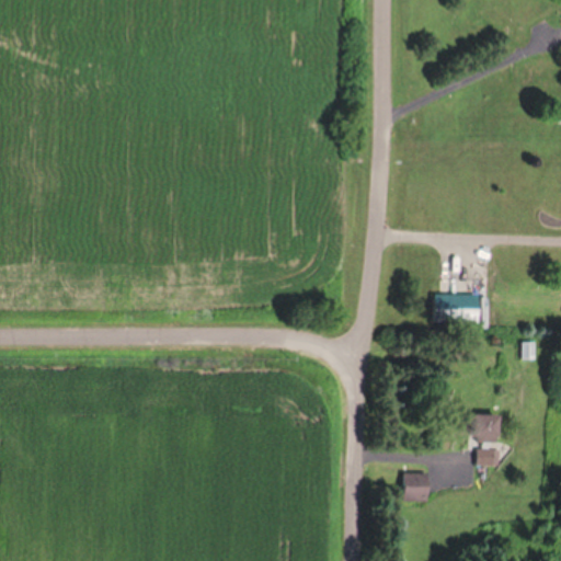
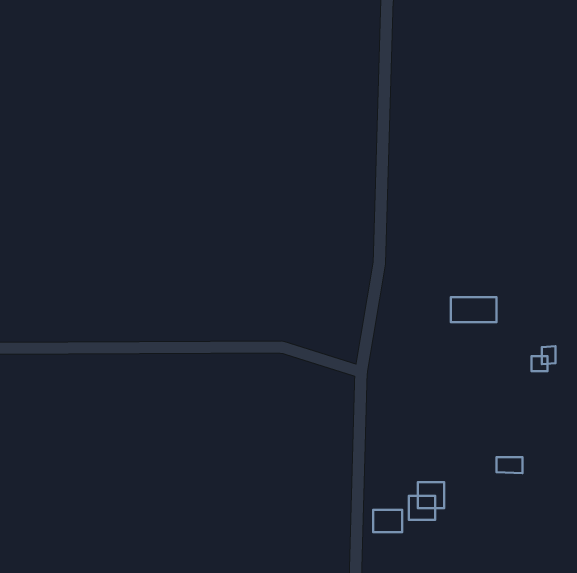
building: [469,415,499,442] -> none
building: none -> [373,510,402,532]

